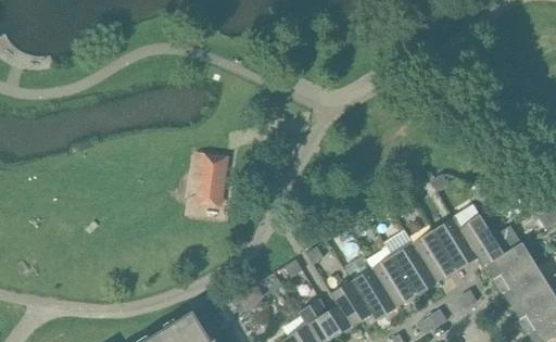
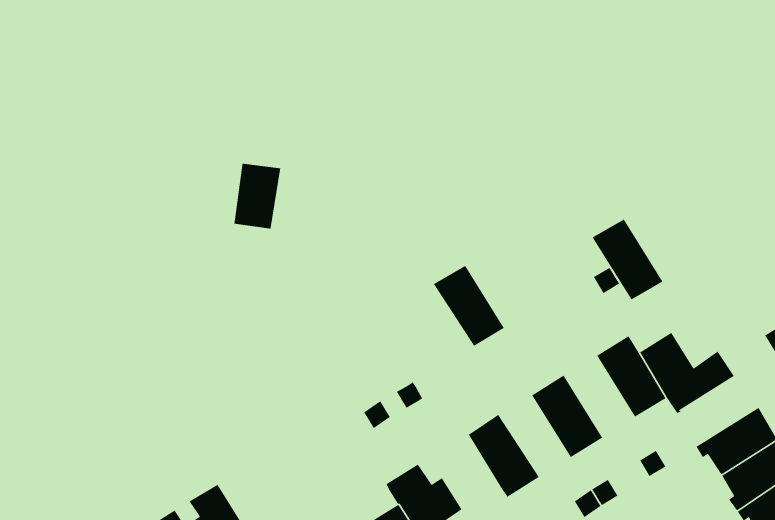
building: [198,154,228,197] -> [233,163,281,229]
building: [412,230,457,282] -> [592,218,664,301]
building: [485,242,535,288] -> none
building: [370,255,416,307] -> [433,265,505,347]
building: [327,280,371,328] -> none

